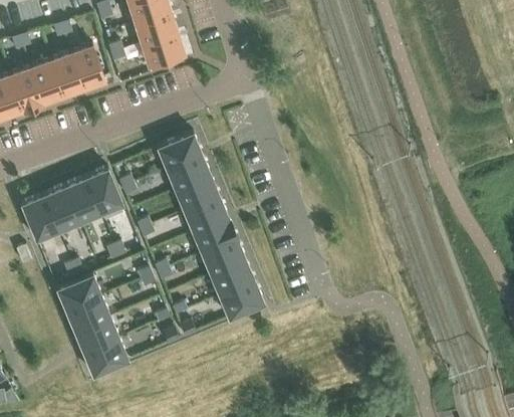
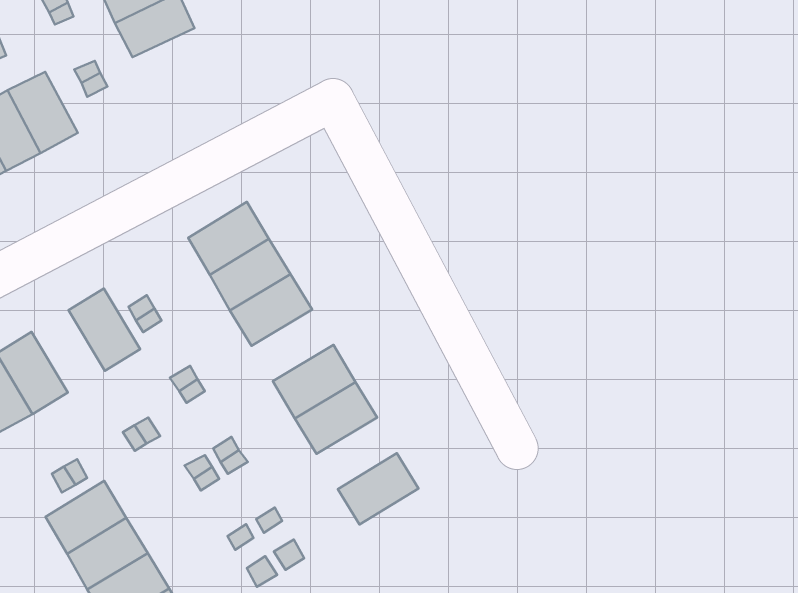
building: [142,33,185,66] -> none
building: [64,178,101,223] -> none
building: [184,197,229,233] -> none
building: [211,261,255,297] -> none

